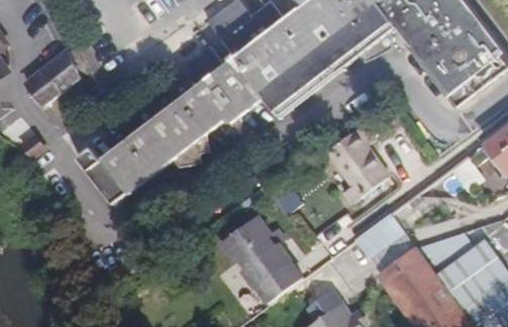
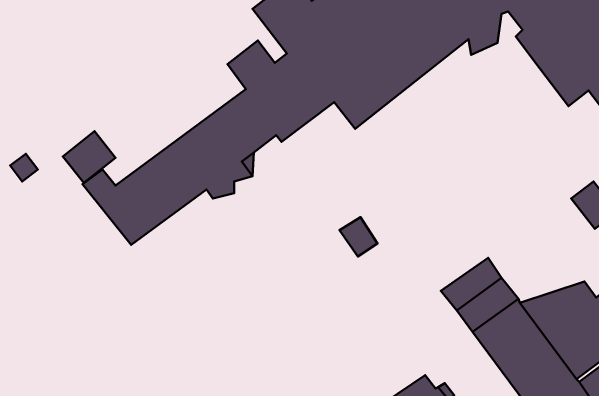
building: [23,54,76,105] -> none
building: [327,122,390,201] -> none
building: [221,216,300,303] -> none

